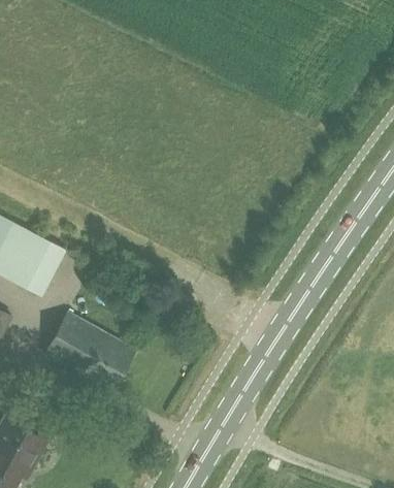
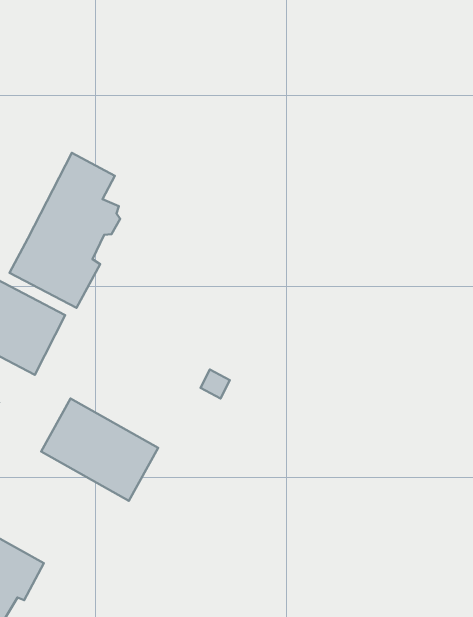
building: none -> [10,153,120,308]

